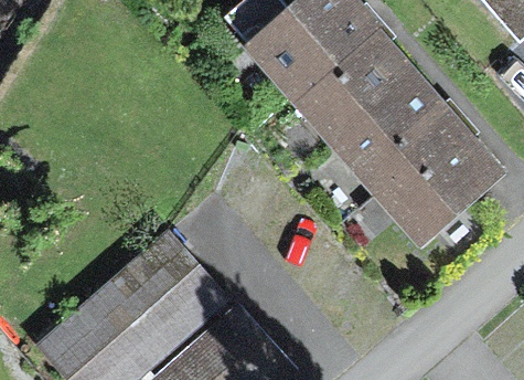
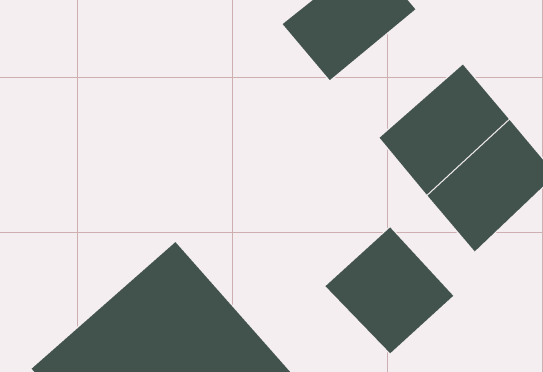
building: [300,32,417,145] -> none
building: none -> [324,226,454,354]

